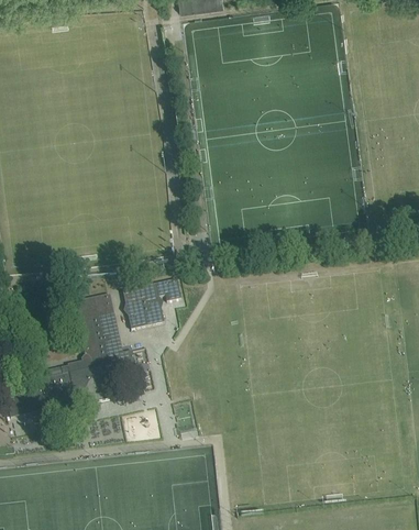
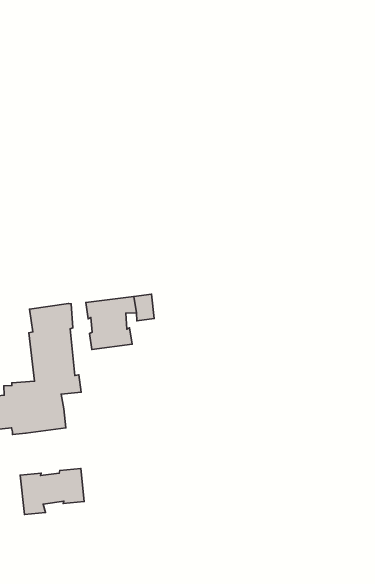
building: none -> [20,469,84,515]

